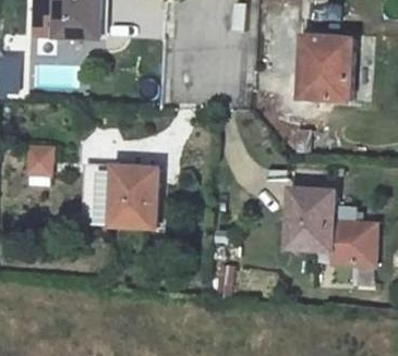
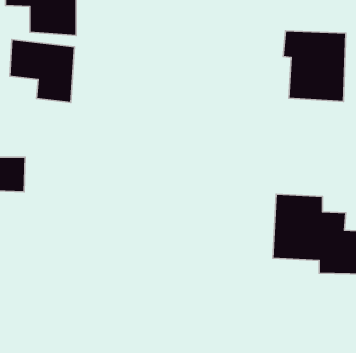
building: none -> [10,40,75,102]
building: [83,165,158,226] -> none

